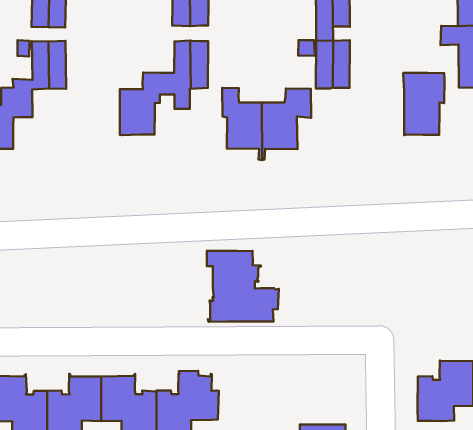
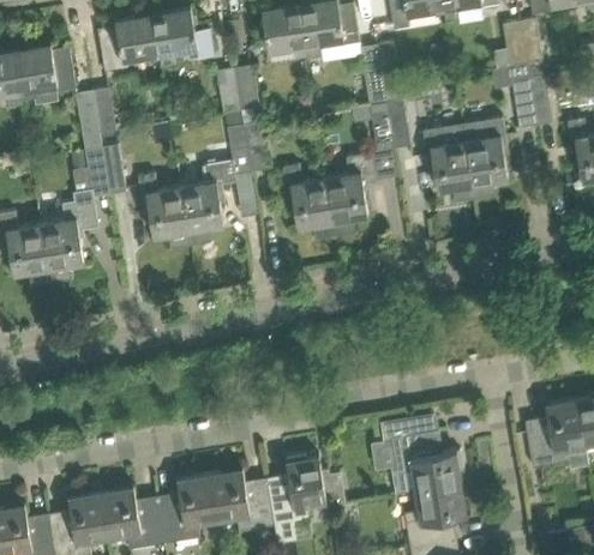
building: none -> [138,173,190,241]
building: none -> [422,123,473,189]
building: [207,251,279,322] -> [383,416,463,494]

